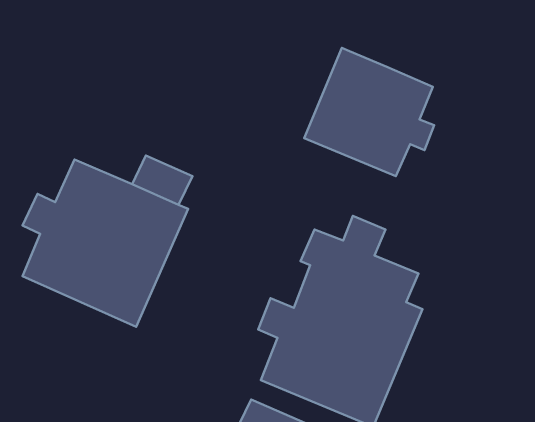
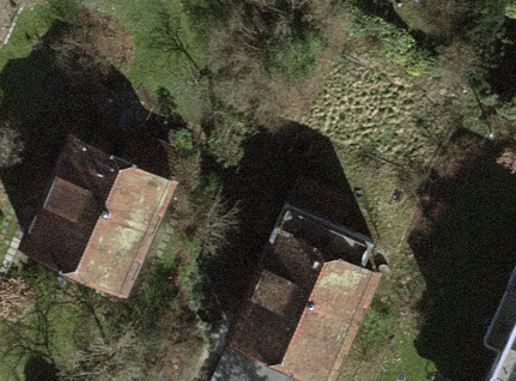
building: [304,48,434,176] -> none

